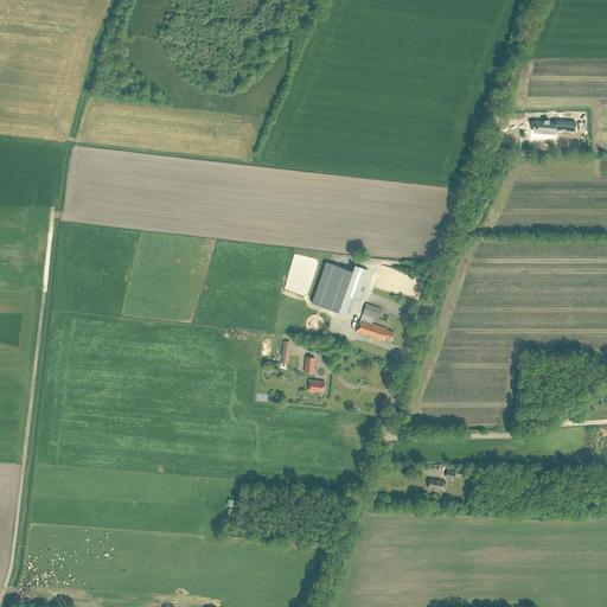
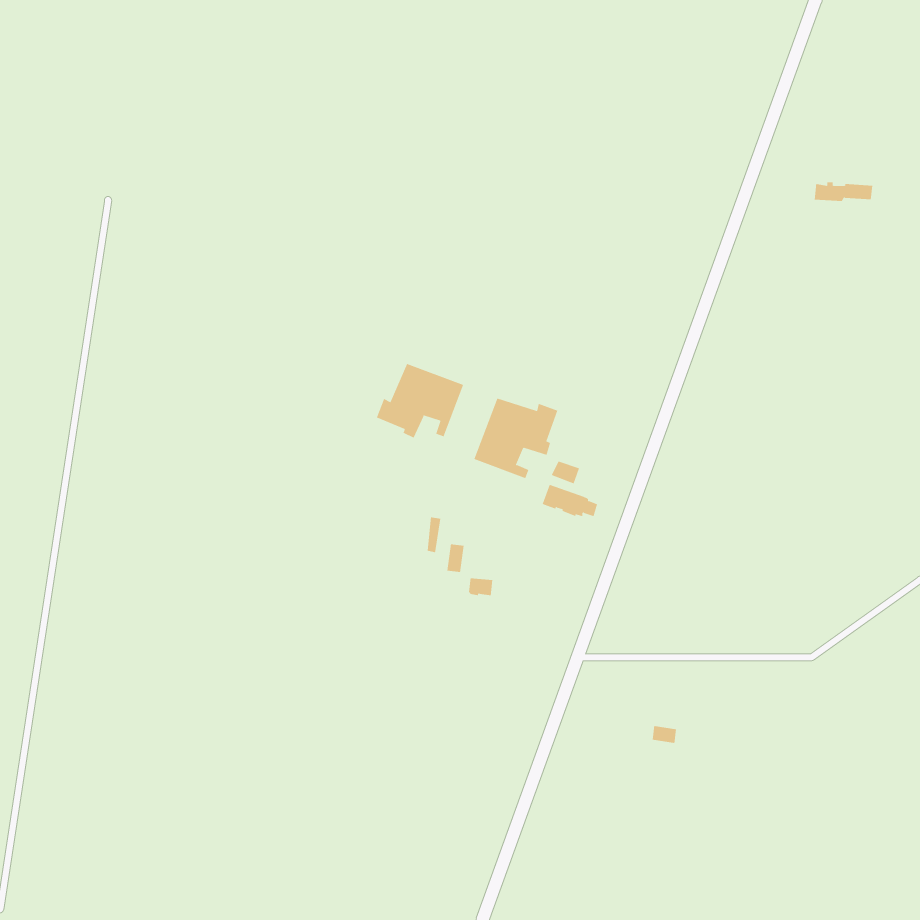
building: none -> [376,363,464,439]

